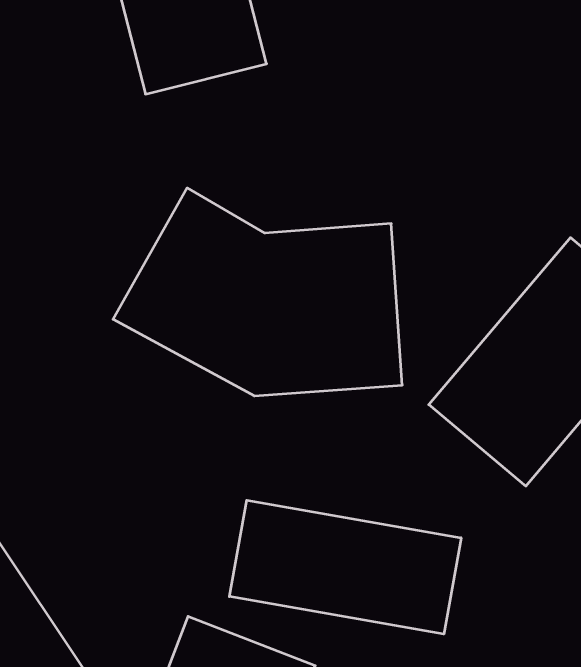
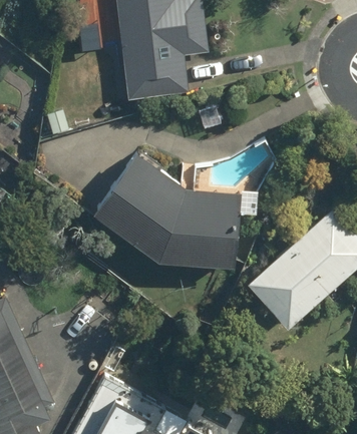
building: [229,500,461,634] -> none

